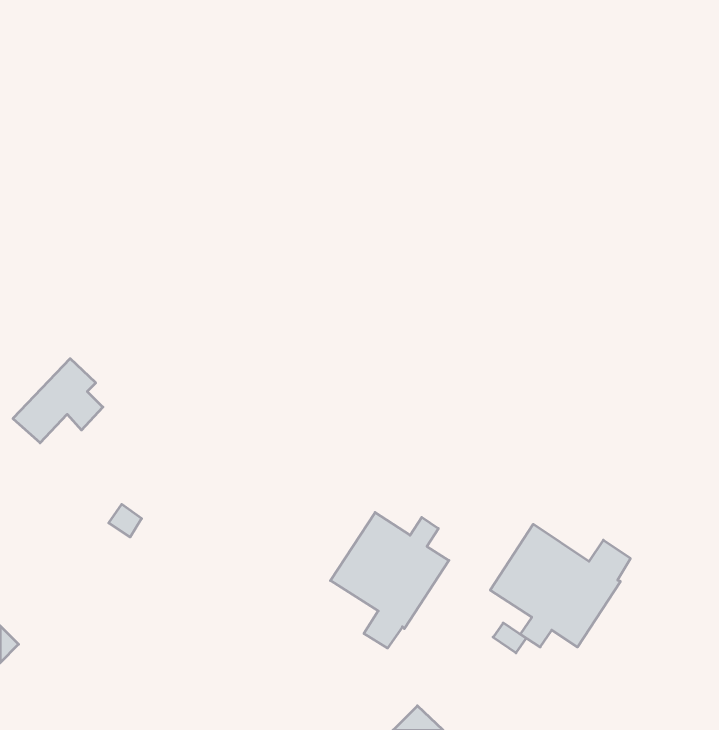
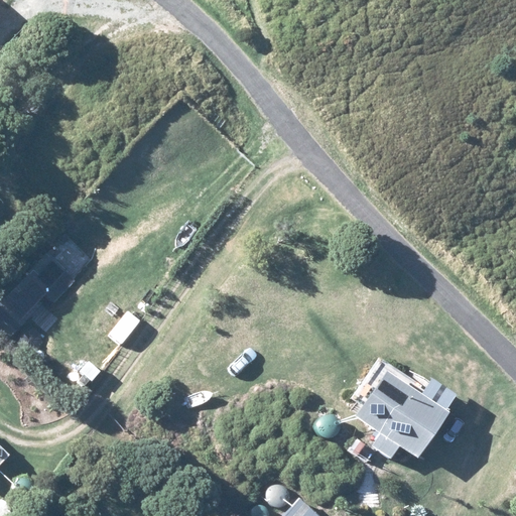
building: [330,512,449,648] -> none

